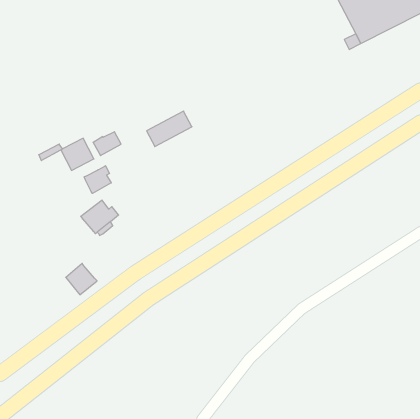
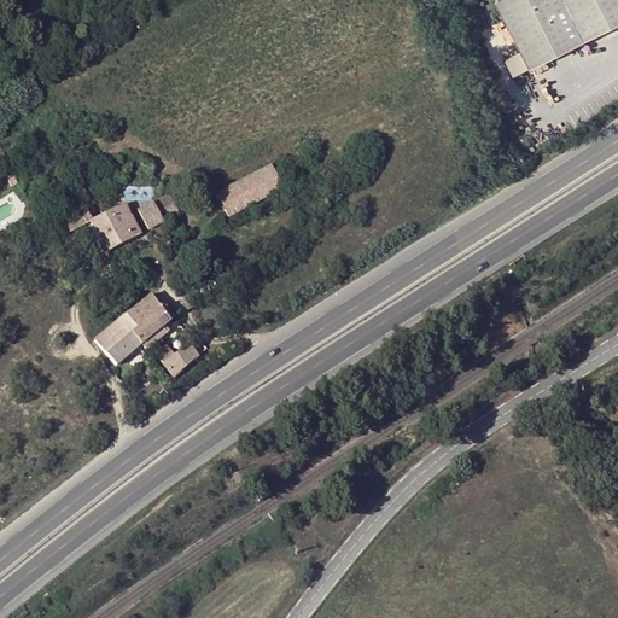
building: [84,166,111,193] -> none
building: none -> [154,342,198,375]
building: [66,263,97,295] -> [95,317,141,363]

